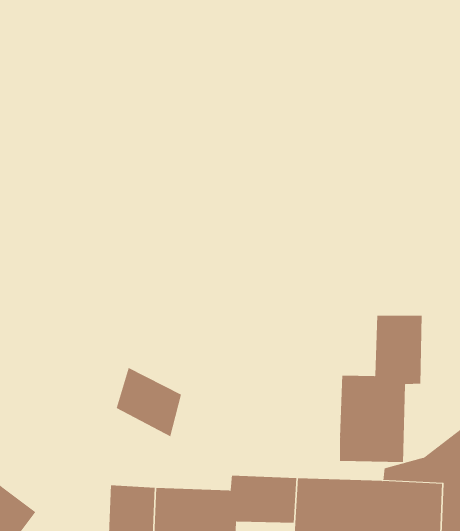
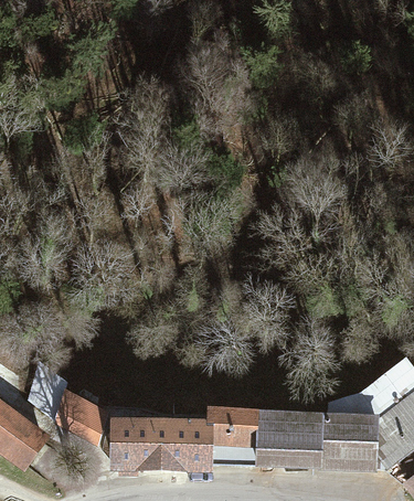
building: [339,315,422,463] -> none
building: [116,367,182,437] -> [53,387,106,444]

